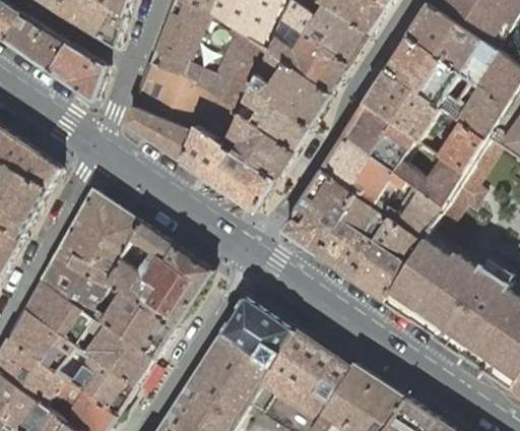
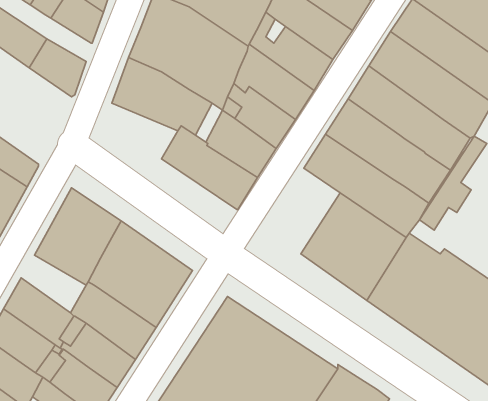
building: [125,106,196,161] -> none
building: [282,170,355,254] -> none
building: [42,255,106,312] -> none

